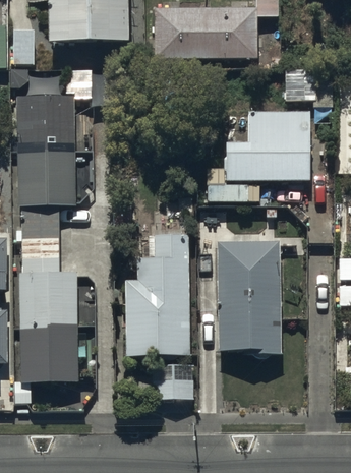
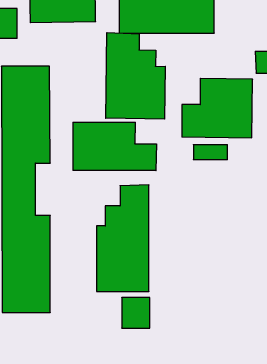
building: none -> [106,33,165,119]
building: none -> [73,122,156,171]
building: [218,240,282,357] -> none

